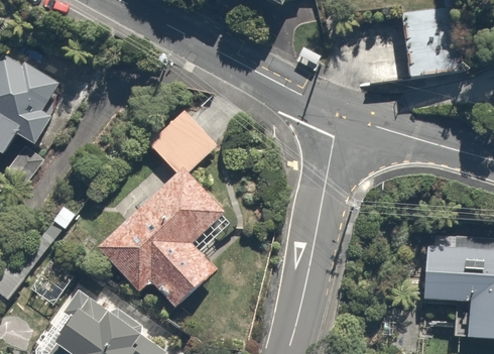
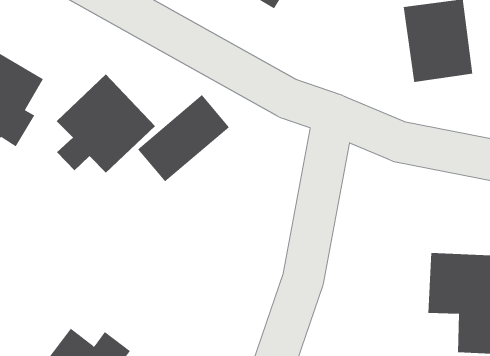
building: none -> [56,74,156,174]
building: [102,169,223,307] -> none

